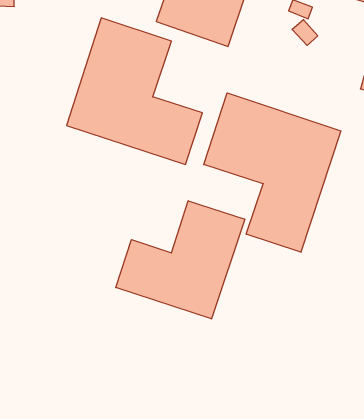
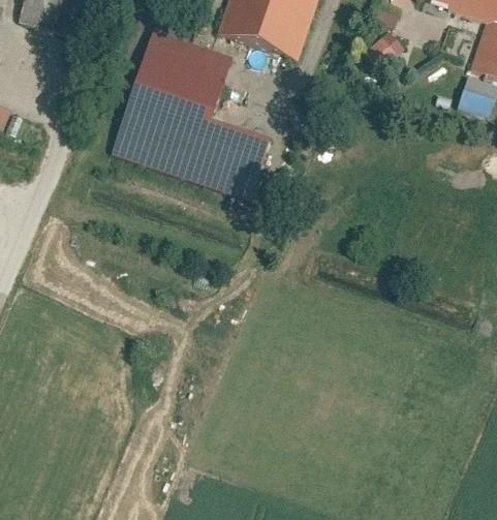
building: [204,93,341,252] -> none
building: [116,201,245,319] -> none

